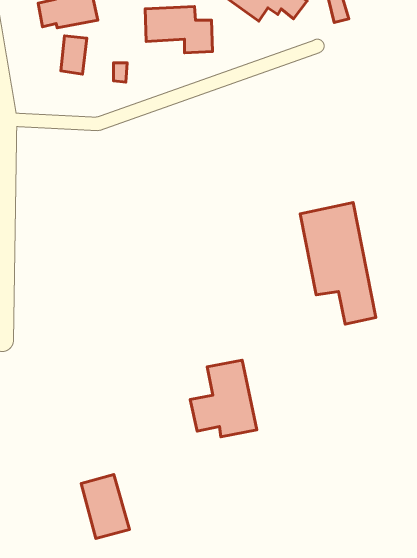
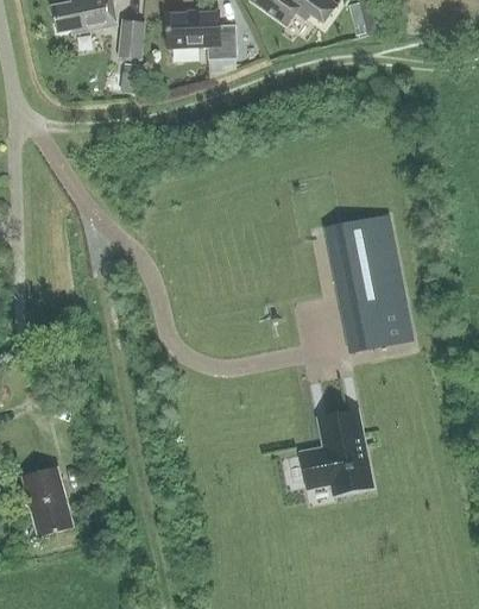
building: [61,36,87,74] -> [118,18,145,58]
building: [190,360,257,437] -> [301,410,371,491]
building: [81,474,129,539] -> [23,466,74,534]

